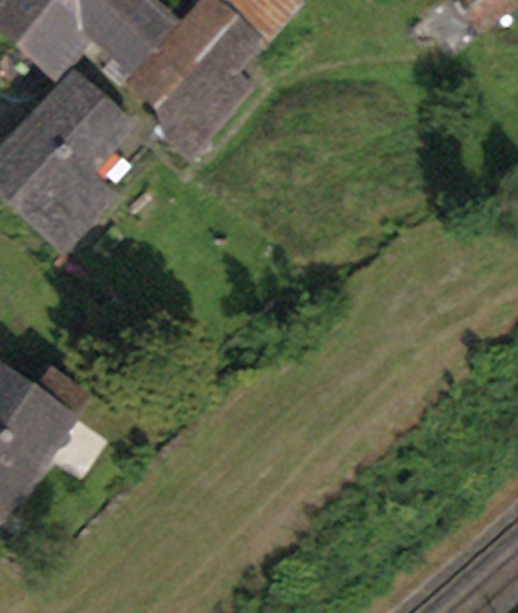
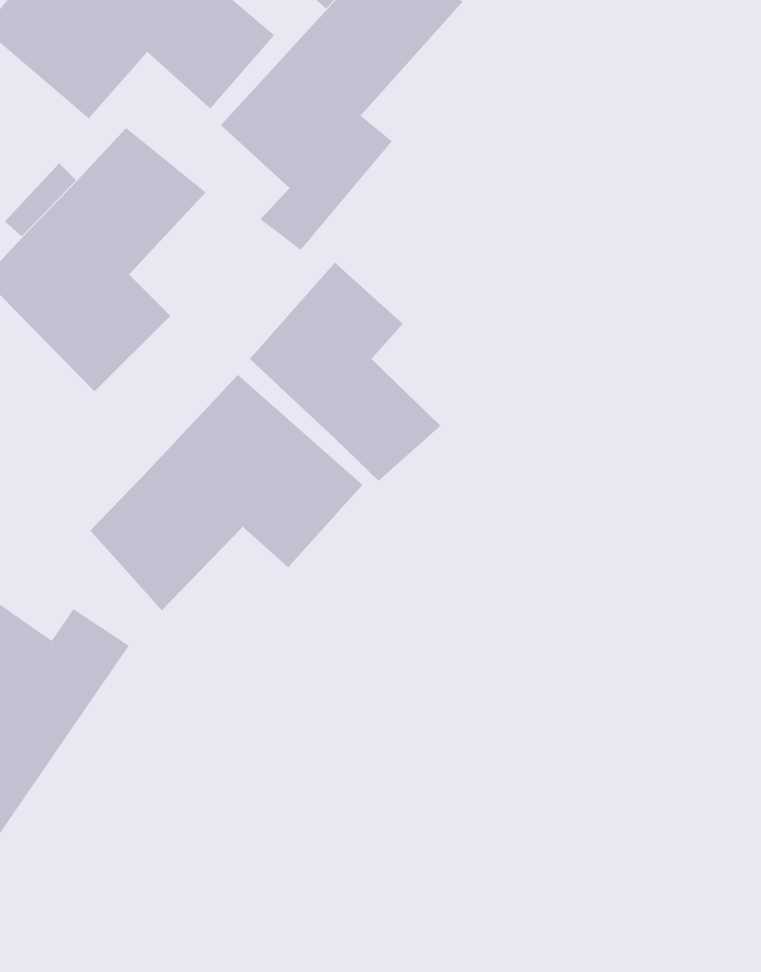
building: none -> [249,262,441,482]
building: none -> [89,374,363,611]

